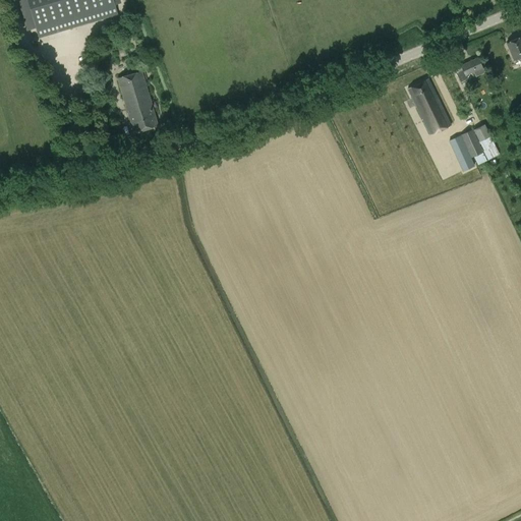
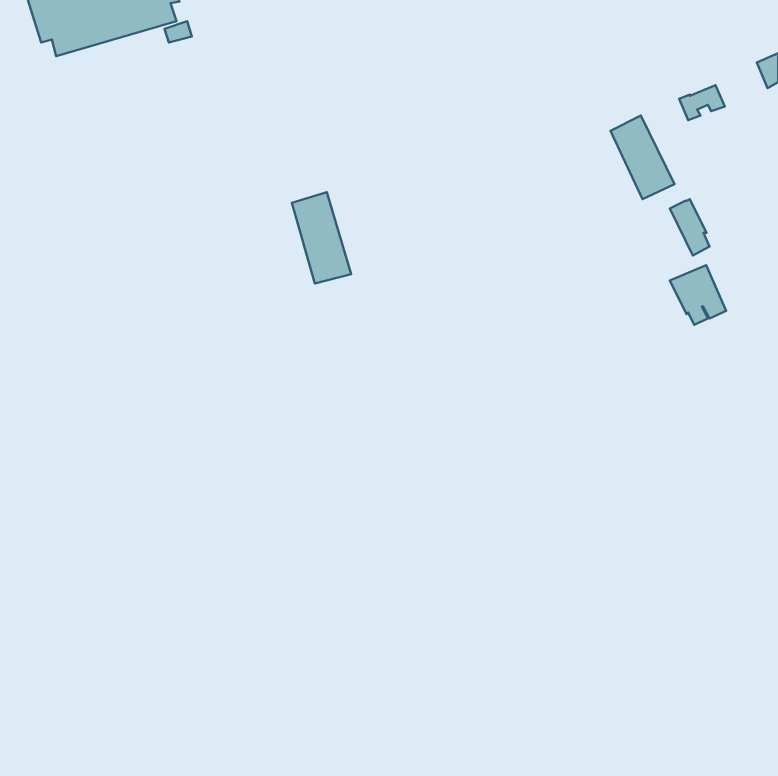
building: [118,69,158,130] -> [292,192,351,283]
building: [461,123,499,163] -> [670,265,726,325]

